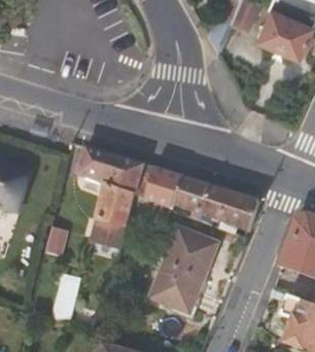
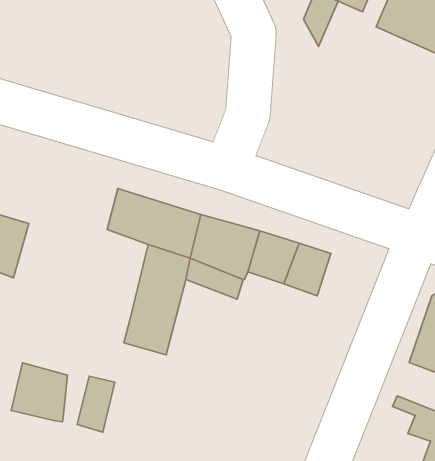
building: [218,191,258,231] -> none
building: [152,230,212,310] -> none
building: none -> [11,363,67,422]

